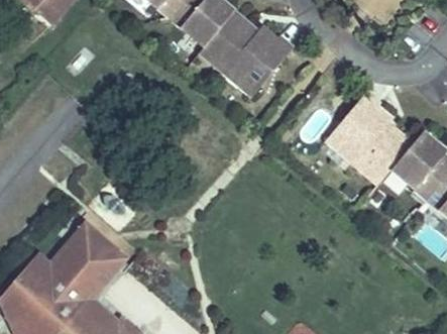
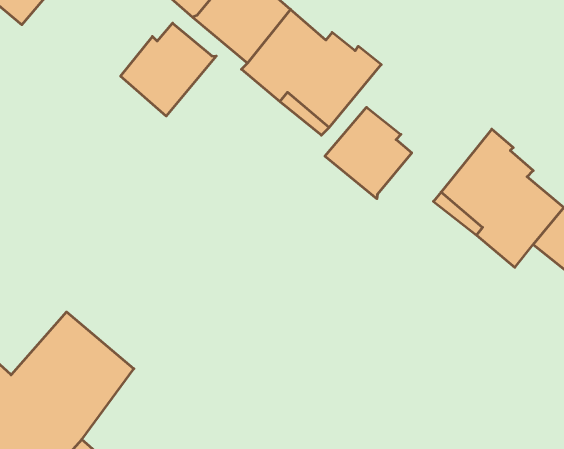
building: none -> [121,23,216,116]
building: none -> [325,107,412,199]

